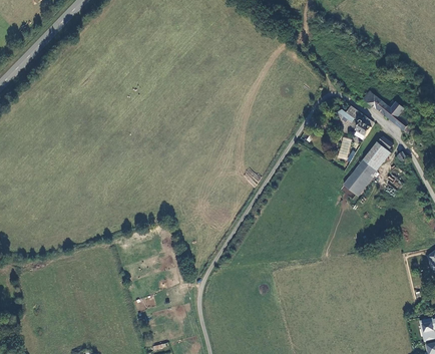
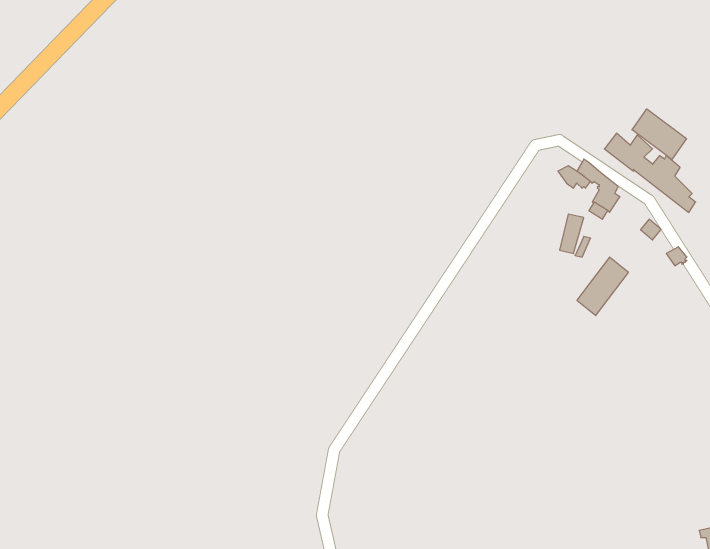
building: none -> [632,109,686,160]
building: [363,143,389,171] -> none

